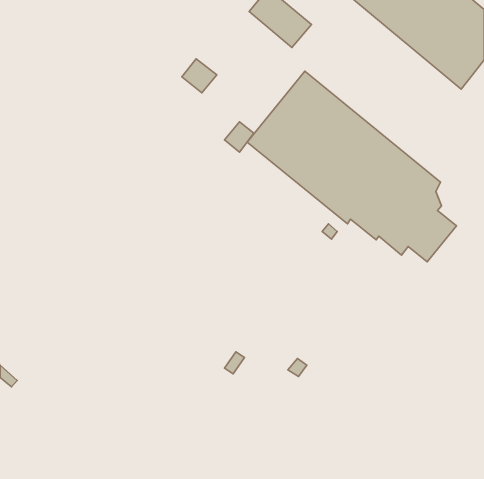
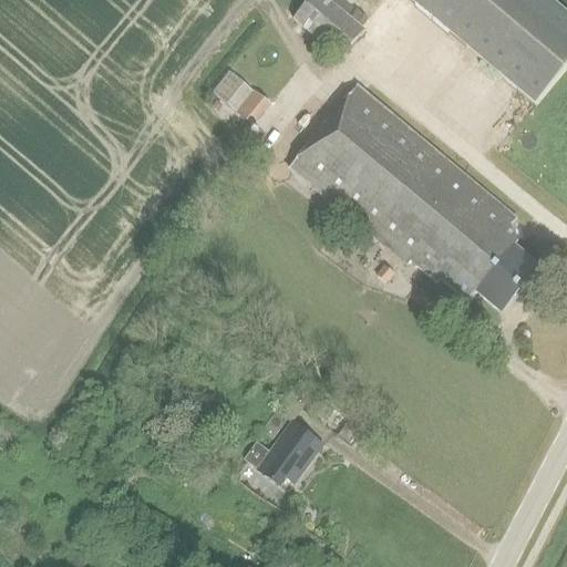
building: [224,122,254,152] -> [236,87,270,123]
building: none -> [245,421,321,483]

